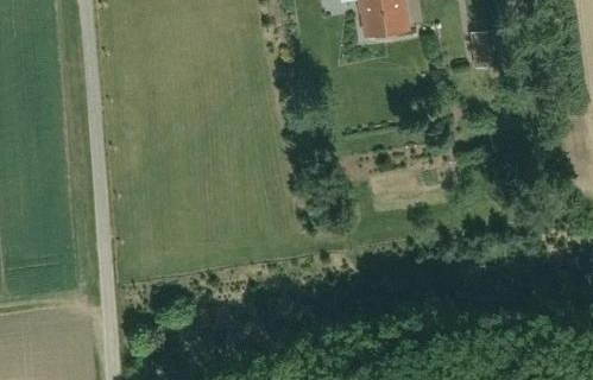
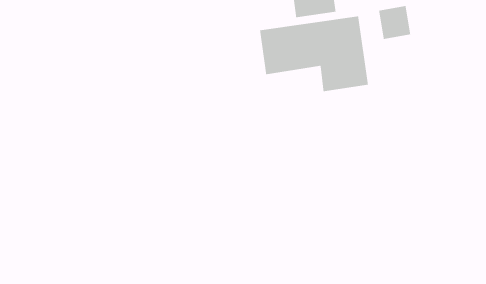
building: none -> [259,16,369,92]

